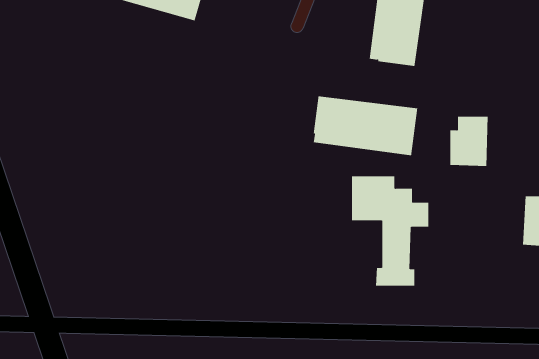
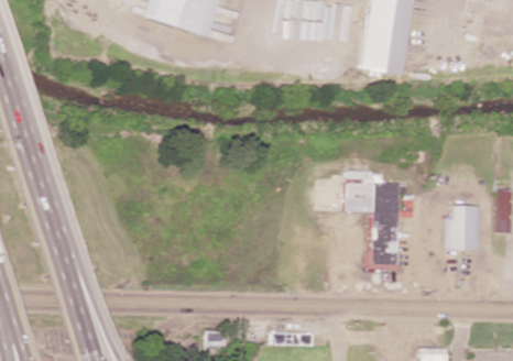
building: [313,96,418,156] -> none
building: [449,116,488,166] -> [446,206,480,250]

